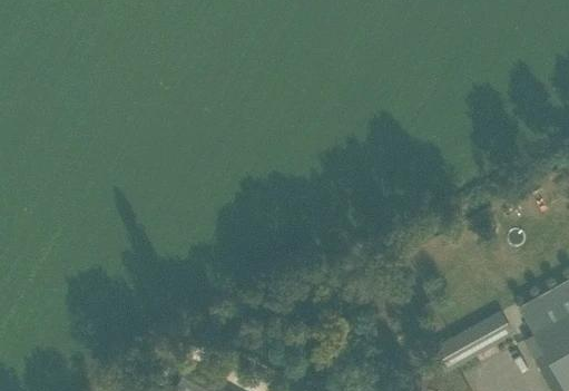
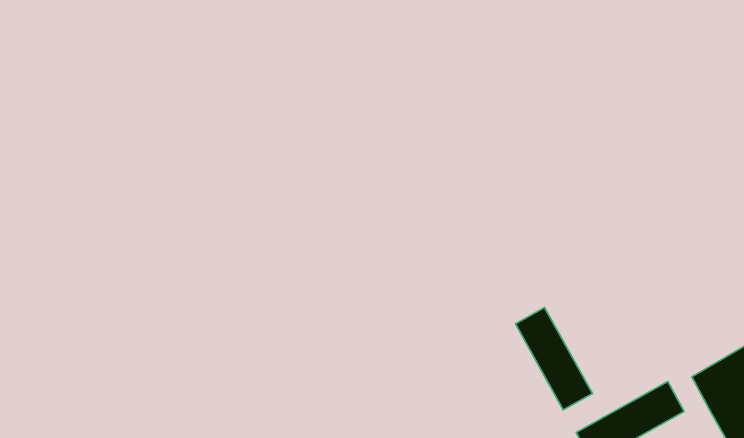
building: none -> [515,307,592,410]

